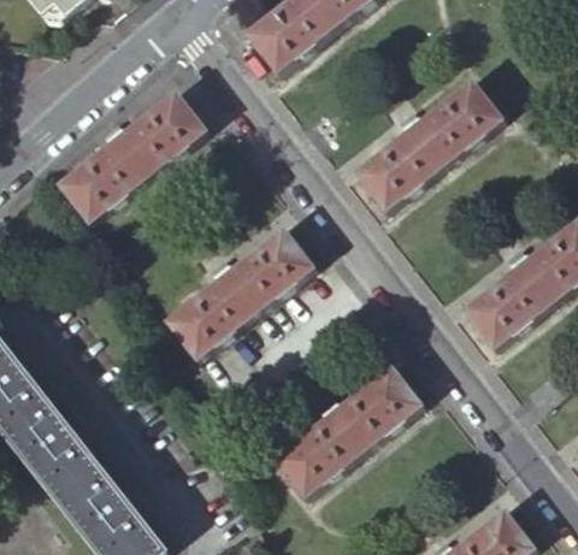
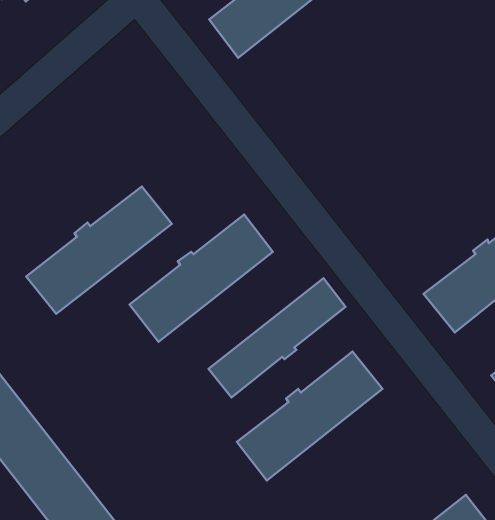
building: [356,79,501,208] -> none
building: [60,91,206,219] -> [26,186,172,314]
building: none -> [209,278,346,398]

